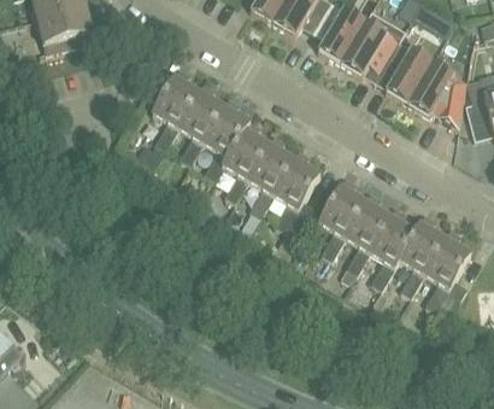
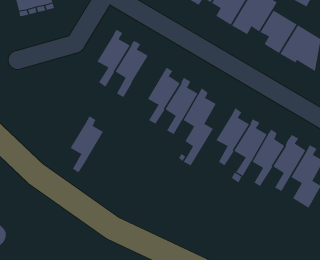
building: [202,97,249,177] -> [70,115,104,173]

